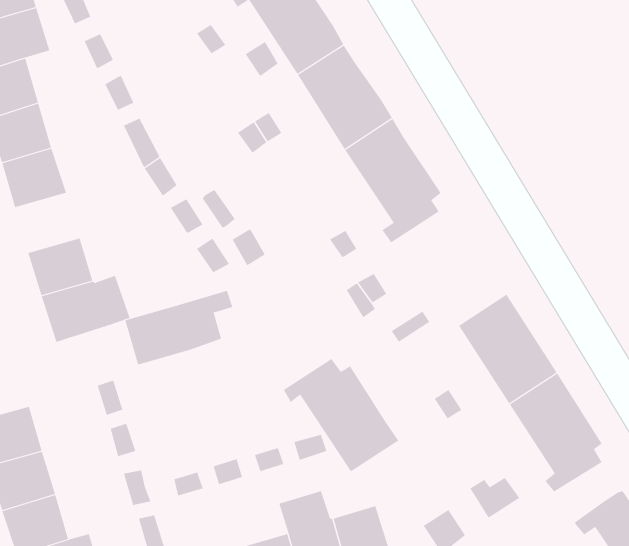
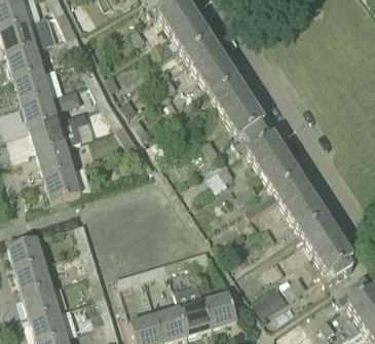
building: [124,290,233,365] -> [31,110,90,151]
building: [283,358,399,472] -> [237,128,301,191]

